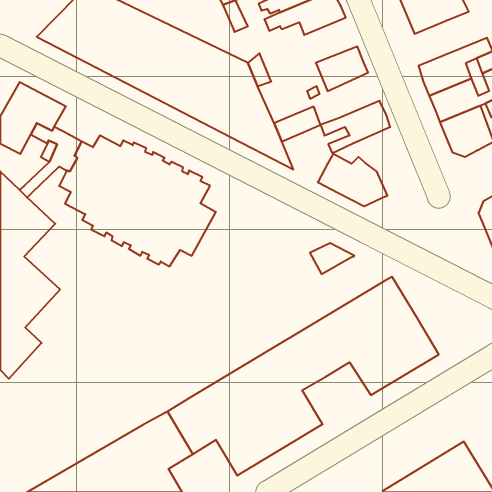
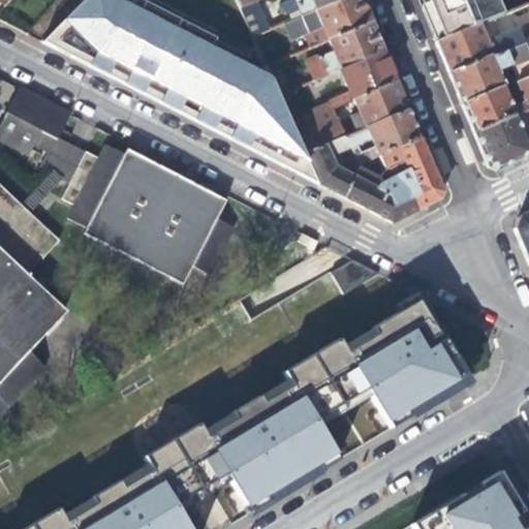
building: none -> [308,19,384,77]
building: none -> [438,22,523,70]
building: none -> [352,77,408,126]
building: none -> [304,133,352,194]
building: none -> [379,135,442,209]

